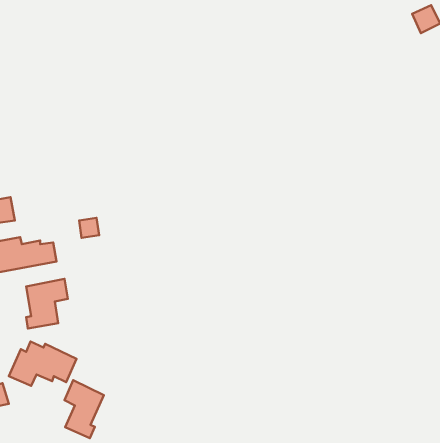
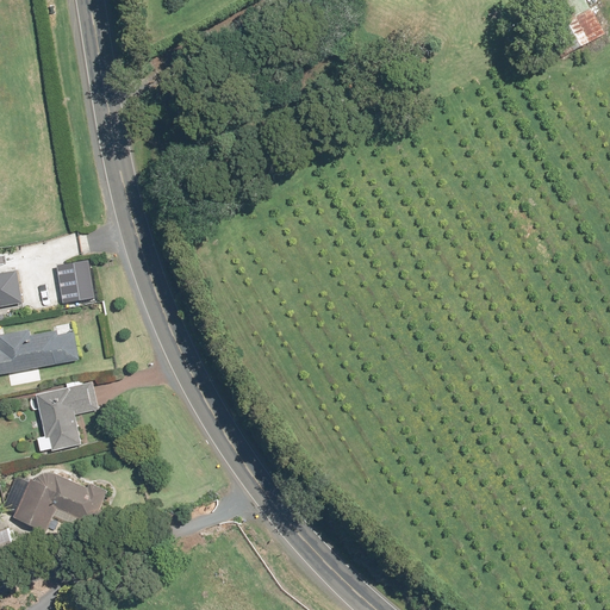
building: [79,218,99,238] -> [67,272,94,299]
building: [64,380,104,438] -> none

